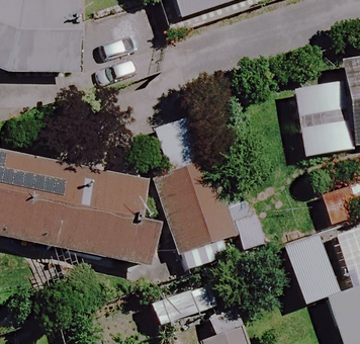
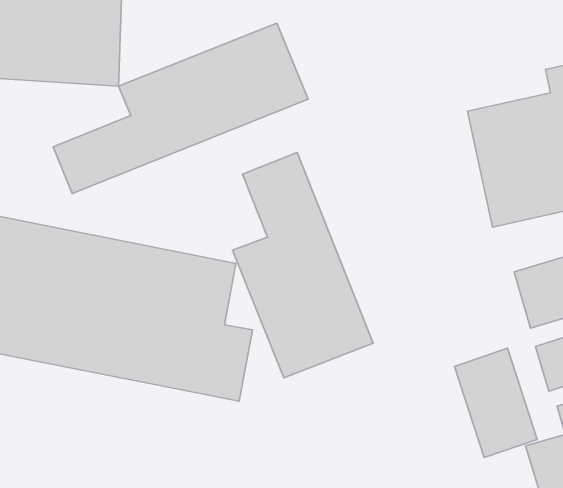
building: none -> [53,23,308,194]

